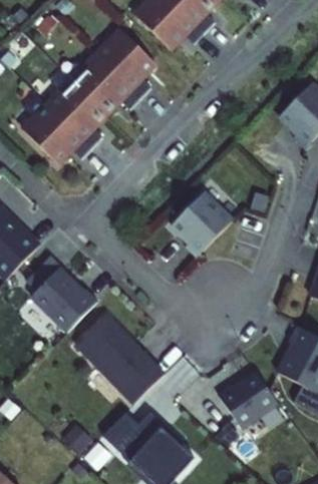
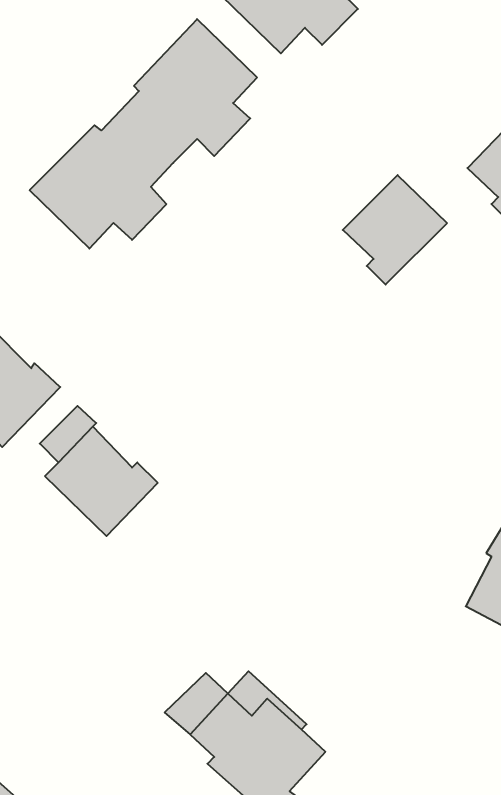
building: [171,192,232,257] -> [343,175,447,285]
building: [75,315,164,404] -> none
building: [217,372,277,429] -> none

